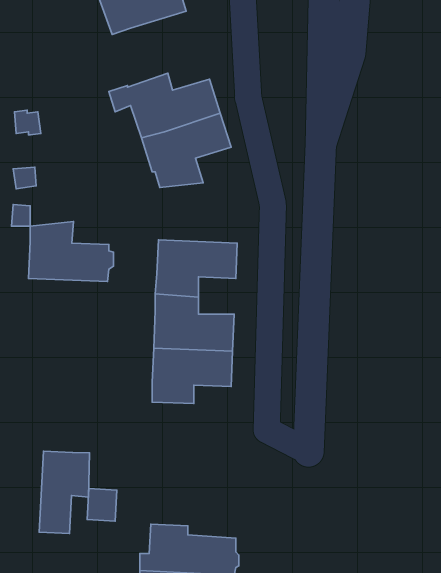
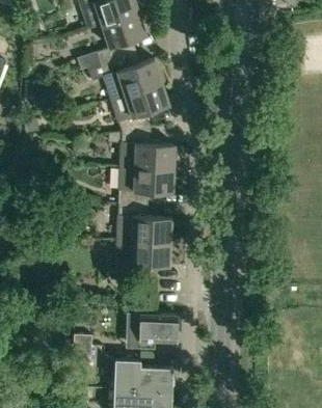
building: none -> [96,15,146,65]
building: [29,221,114,282] -> [120,130,178,170]
building: [39,451,90,534] -> none
building: none -> [139,315,178,349]

